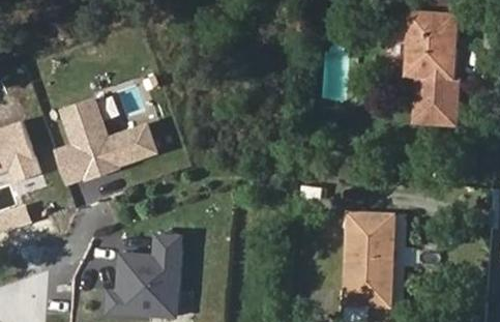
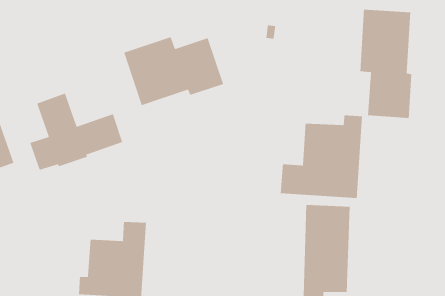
building: none -> [123,36,224,106]
building: none -> [280,115,363,199]

